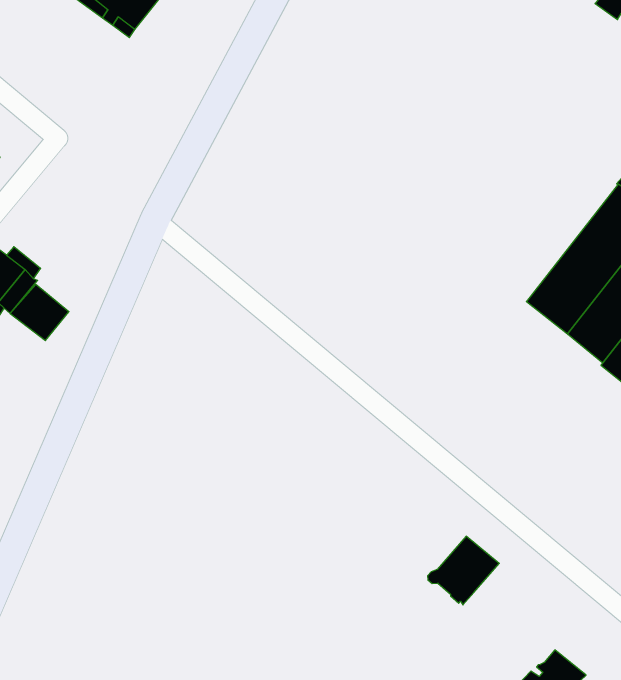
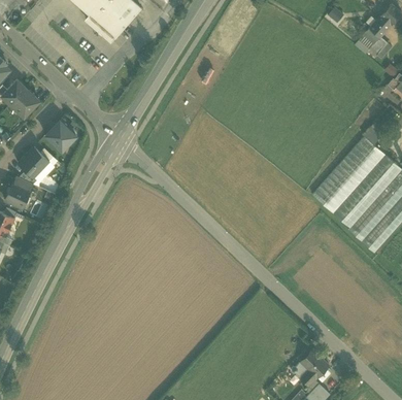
building: [10,285,69,341] -> [44,120,75,149]
building: [428,536,499,605] -> [291,348,329,385]

